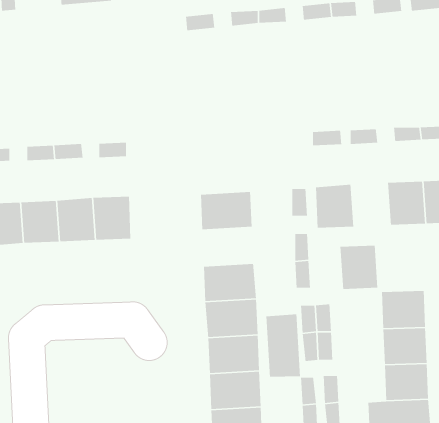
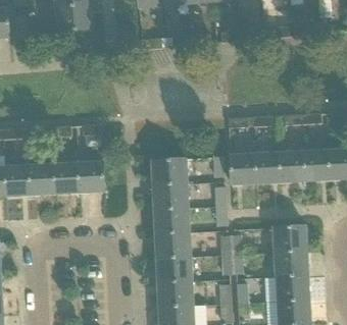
building: none -> [152,182,188,209]
building: [339,245,378,290] -> [254,152,281,182]
building: [266,313,301,378] -> none

